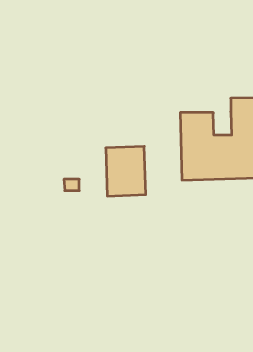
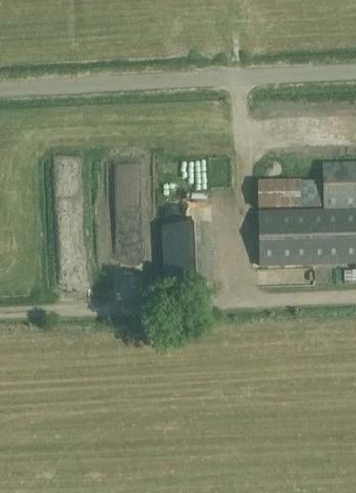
building: none -> [299,179,322,208]

